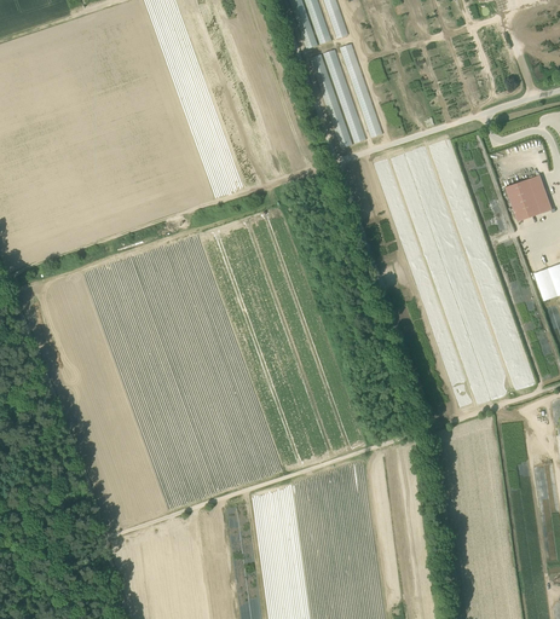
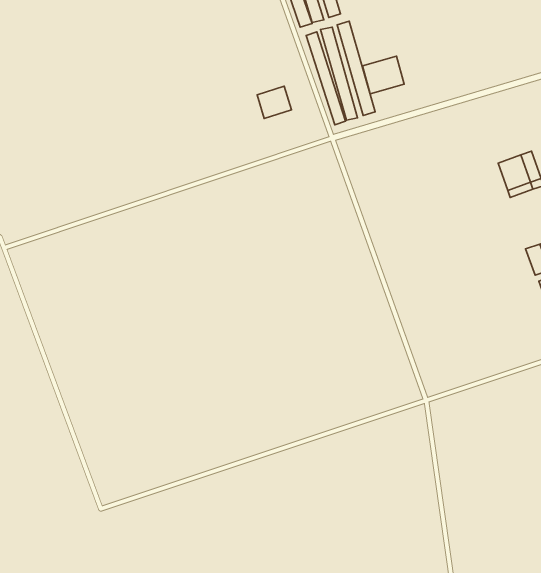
building: none -> [363,56,404,94]
building: none -> [257,86,291,118]

